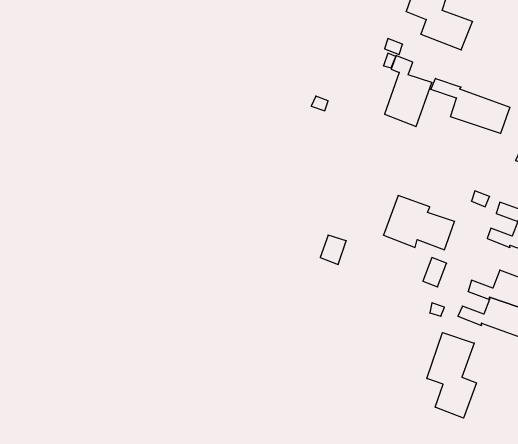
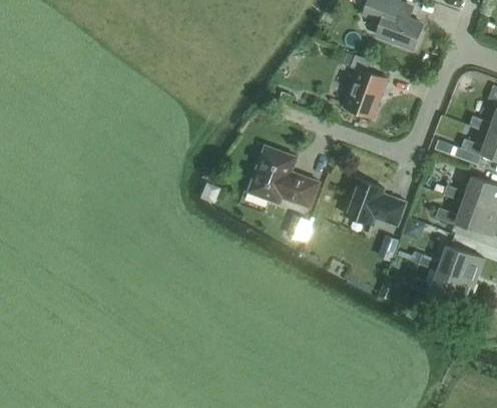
building: [431,78,510,133] -> none
building: none -> [247,145,319,208]
building: [427,333,477,418] -> none

